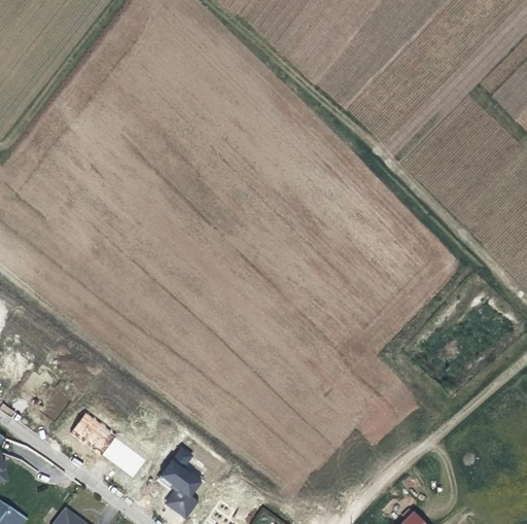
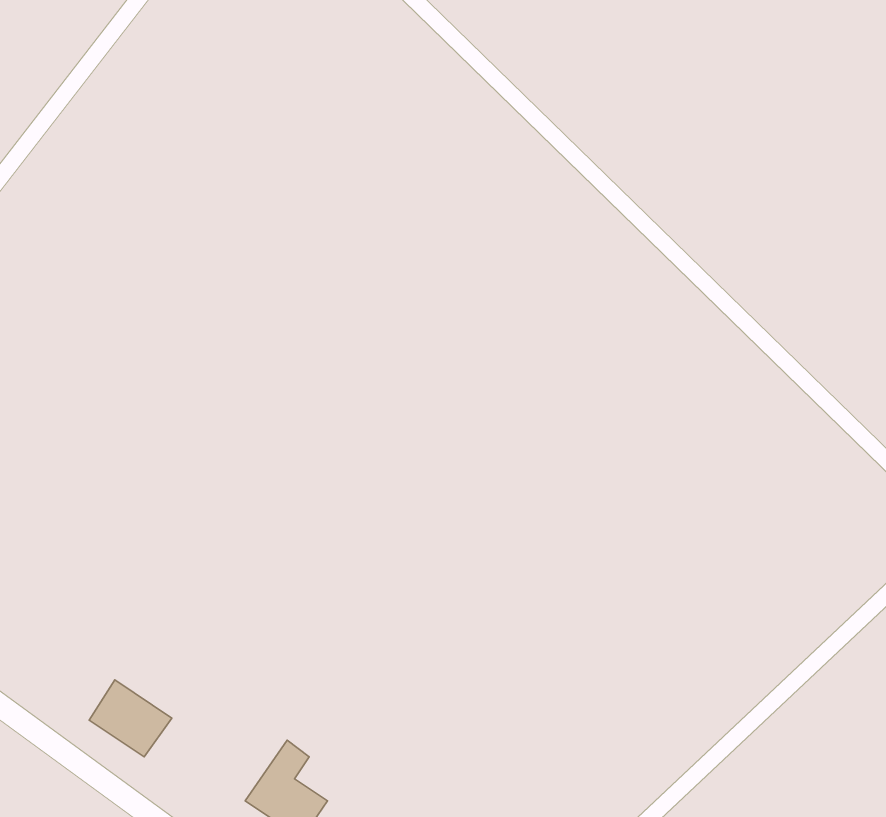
building: [102,439,146,477] -> none

